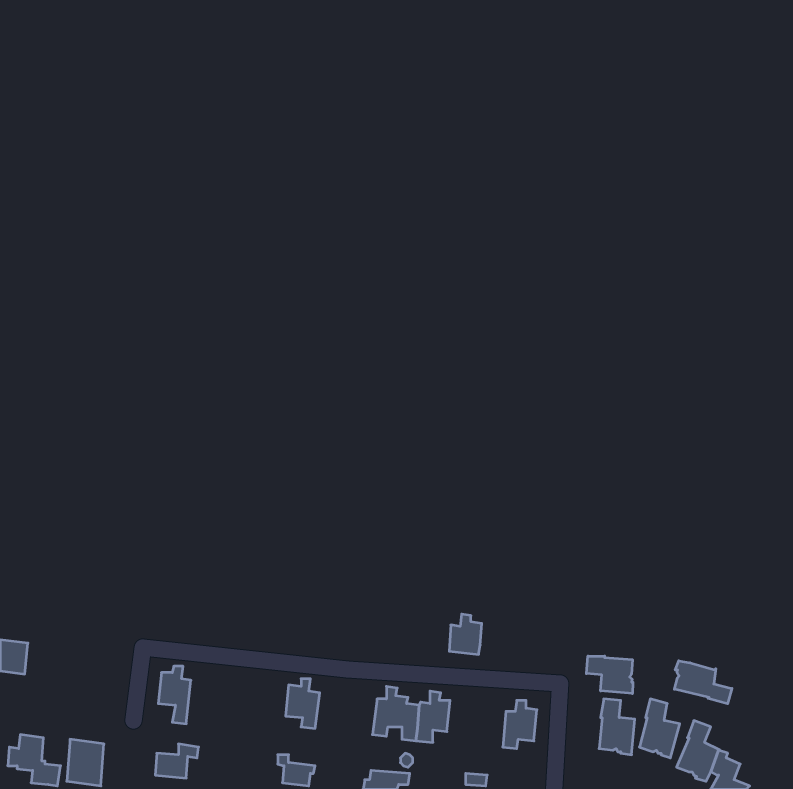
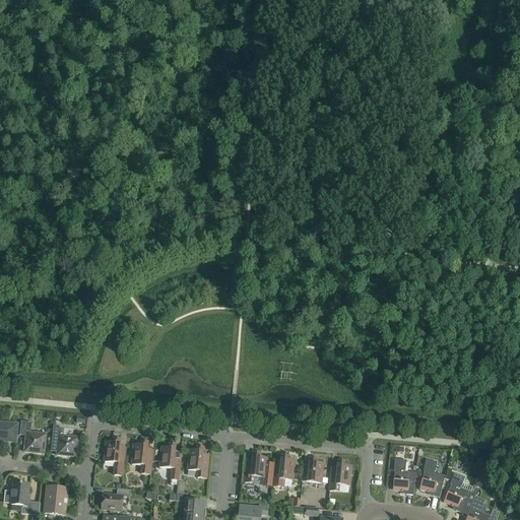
building: [449,614,482,654] -> [302,455,323,481]
building: none -> [19,418,46,452]
building: none -> [51,424,78,455]
building: [586,656,633,694] -> none
building: [674,661,732,704] -> none
building: none -> [131,438,153,472]
building: none -> [159,441,181,477]

